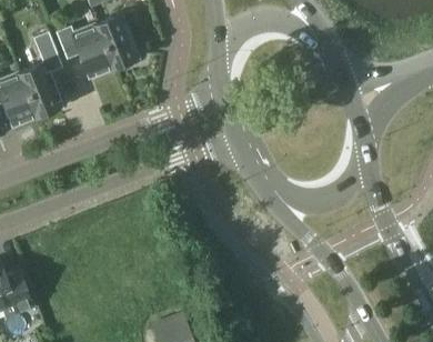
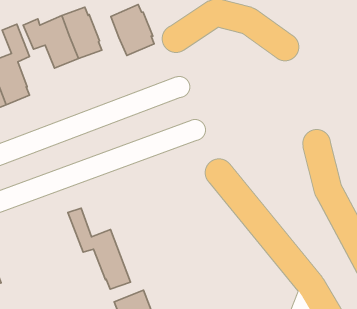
building: none -> [111,5,154,55]
building: none -> [68,208,130,289]

